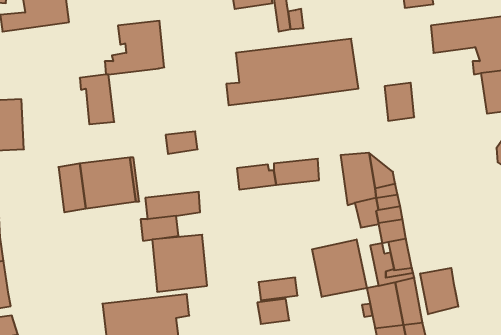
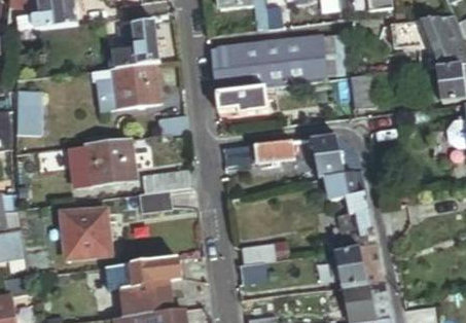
building: none -> [111,62,159,108]
building: none -> [215,87,268,113]
building: [152,235,207,292] -> [63,209,110,258]
building: [312,239,367,297] -> none
building: [420,268,458,314] -> none

